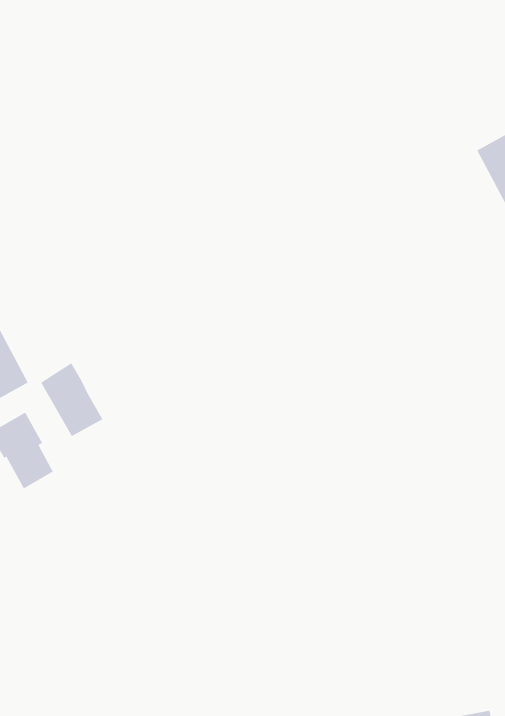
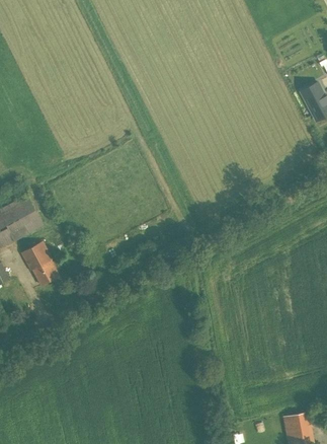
building: [40,362,103,437] -> none

